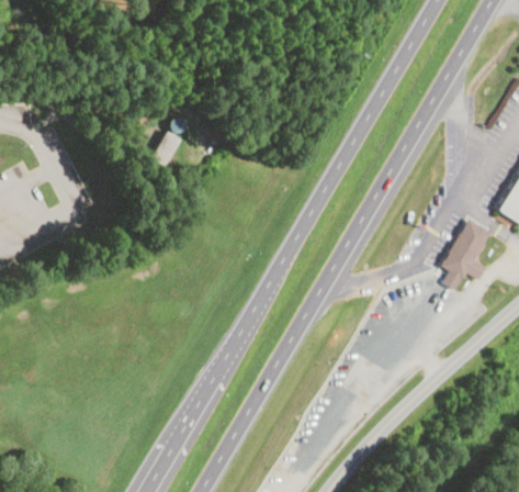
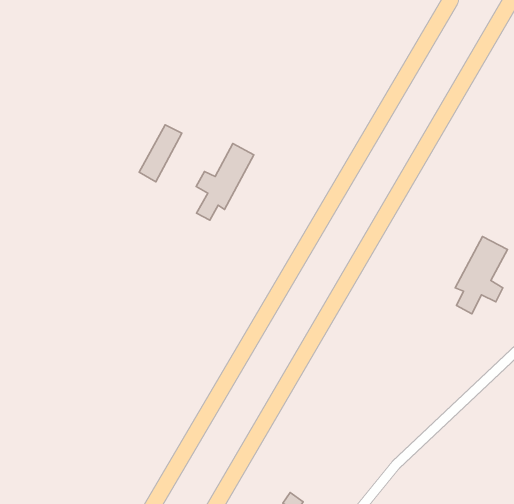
building: none -> [196,143,254,220]

